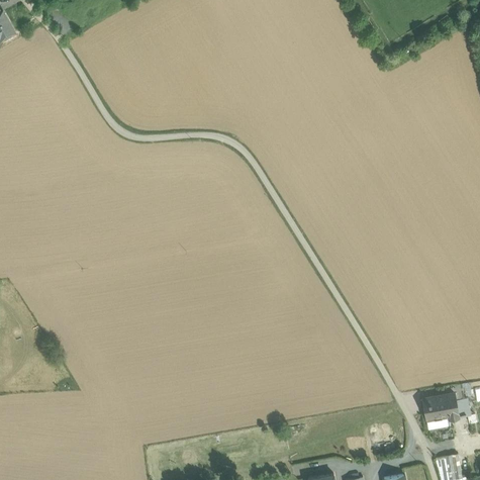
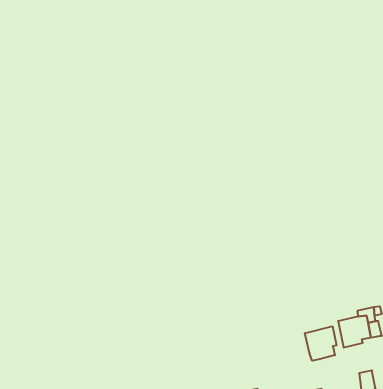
building: none -> [305,326,337,361]

